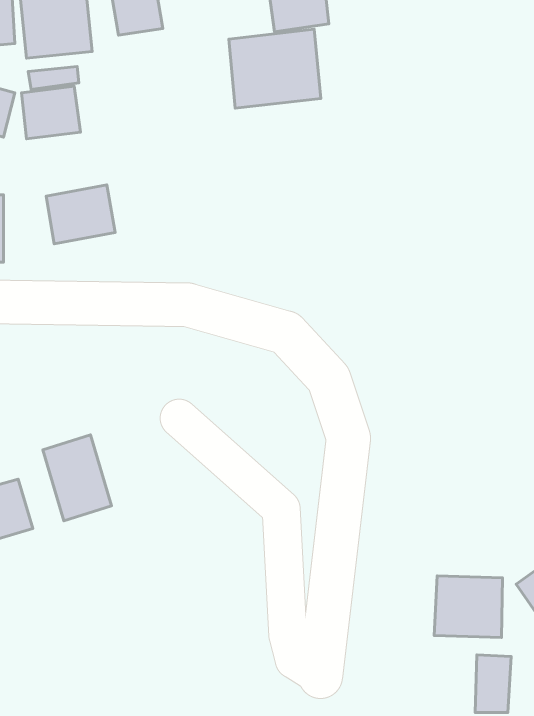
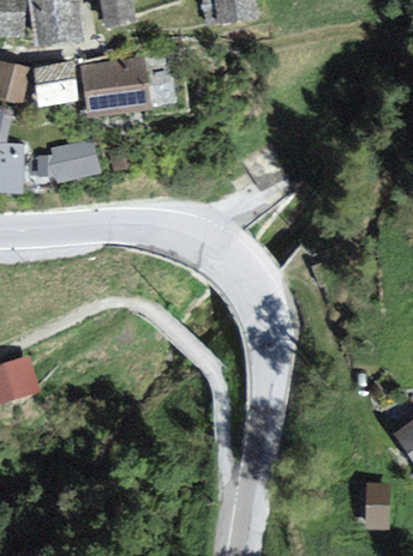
building: [229,29,321,108] -> [82,56,149,114]
building: [43,435,111,521] -> none
building: [434,576,502,638] -> none

